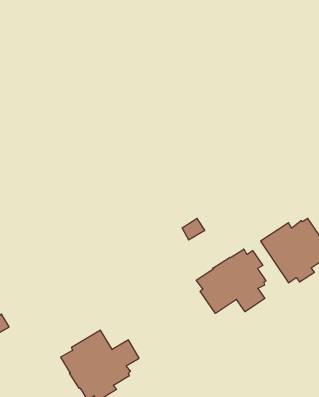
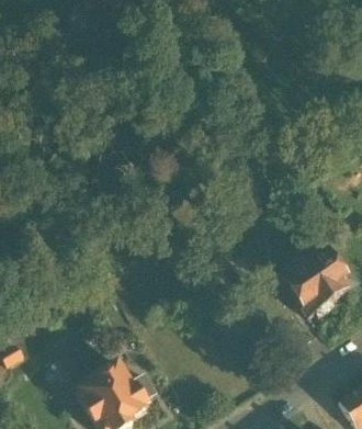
building: [196,249,266,313] -> none

